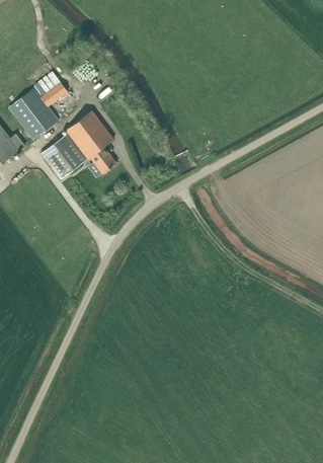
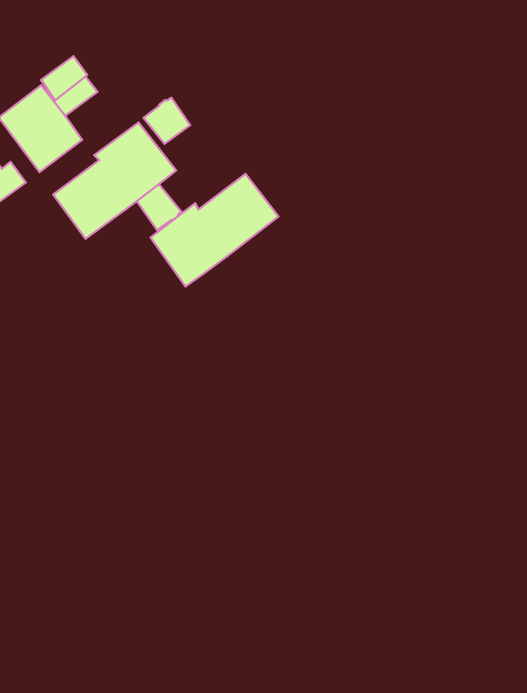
building: none -> [144,98,190,144]
building: none -> [150,174,279,286]

